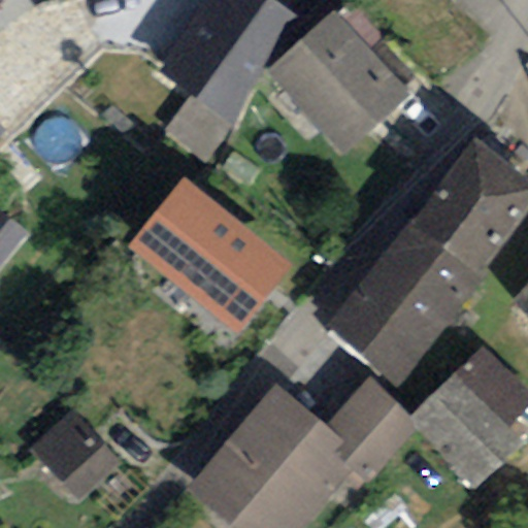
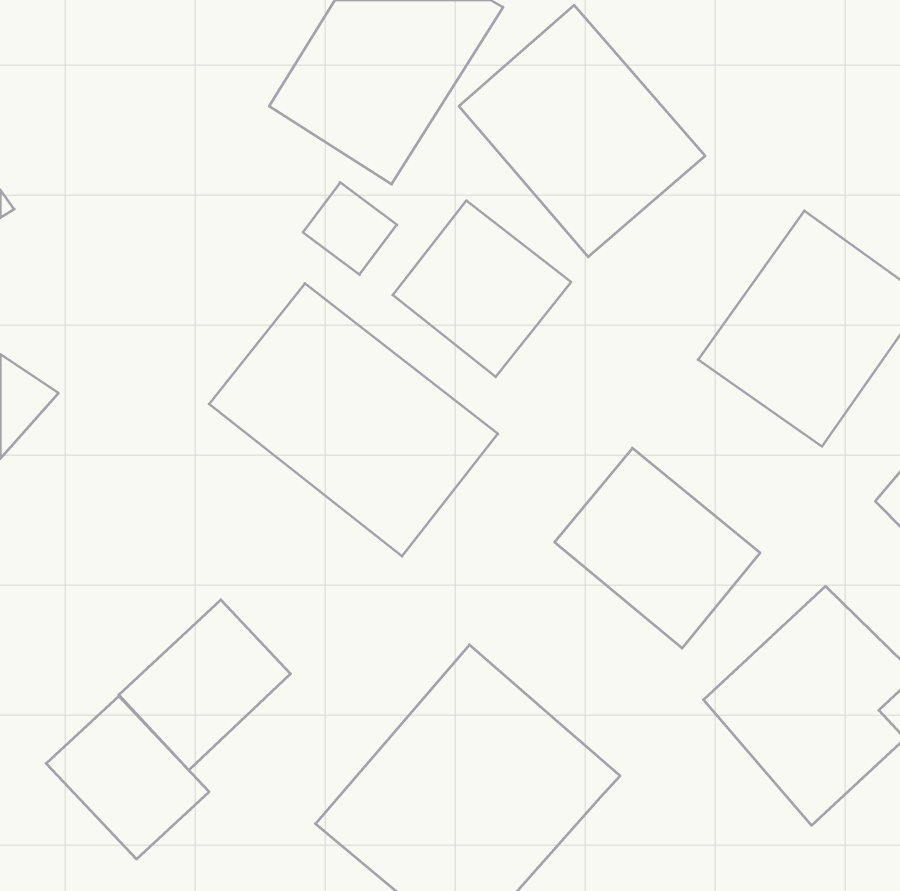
building: none -> [393,201,571,377]
building: [371,218,489,330] -> none
building: none -> [119,600,291,770]
building: [325,380,419,484] -> none

